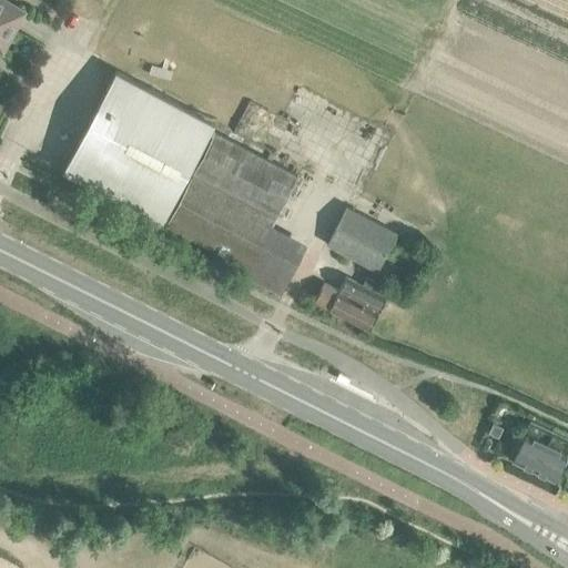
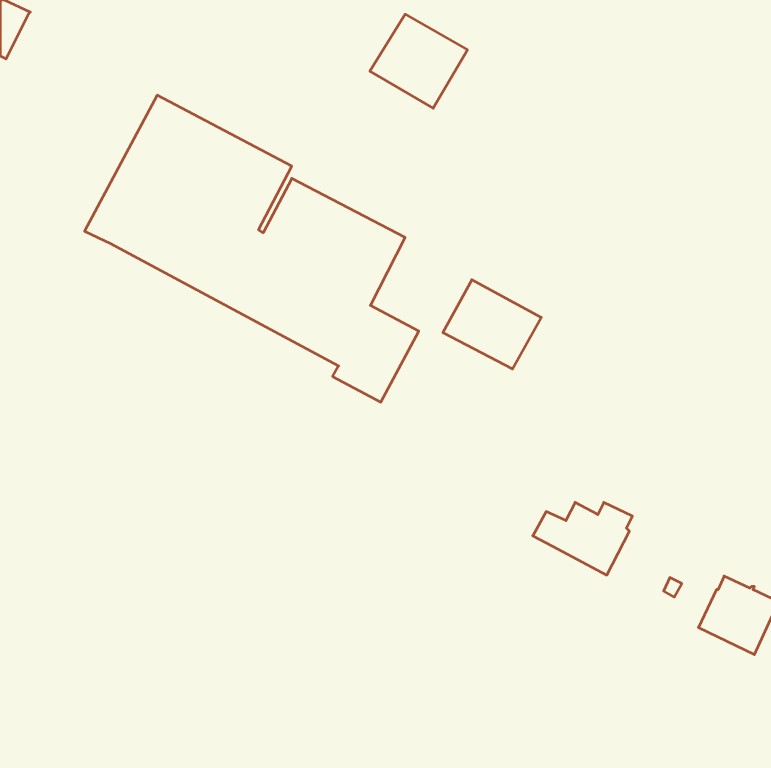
building: none -> [370,14,467,108]
building: [315,280,388,333] -> [533,502,632,575]

